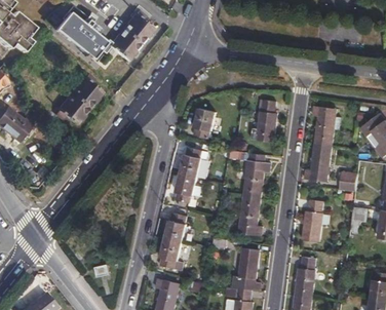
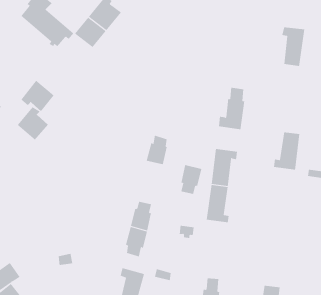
building: [70,74,102,108] -> [17,106,49,141]
building: [313,107,337,146] -> [281,27,305,66]
building: [193,109,218,140] -> none
building: [175,172,196,202] -> [180,165,202,195]
building: [303,198,324,239] -> none
building: [238,248,259,289] -> none
building: [296,257,316,298] -> none

